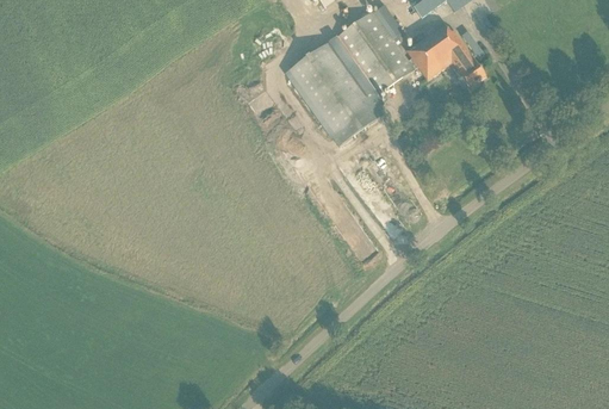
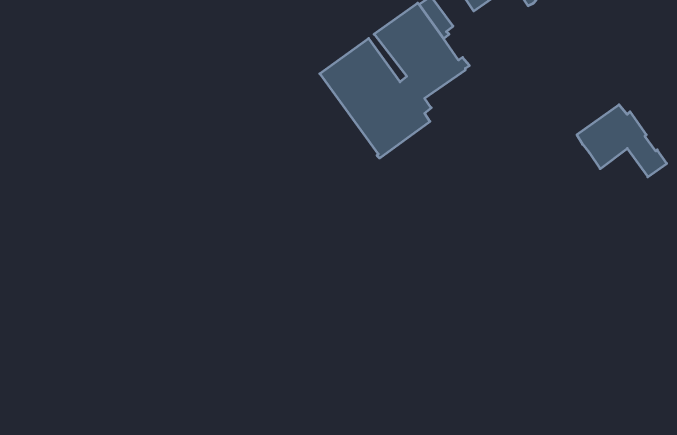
building: [405,24,484,87] -> [577,105,667,177]

